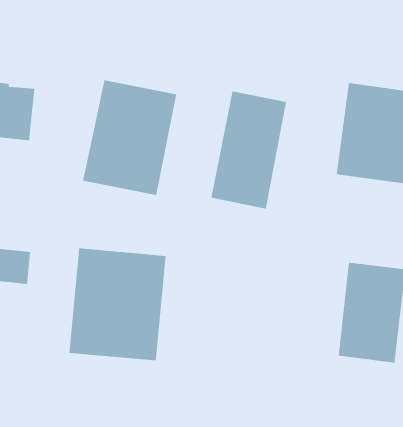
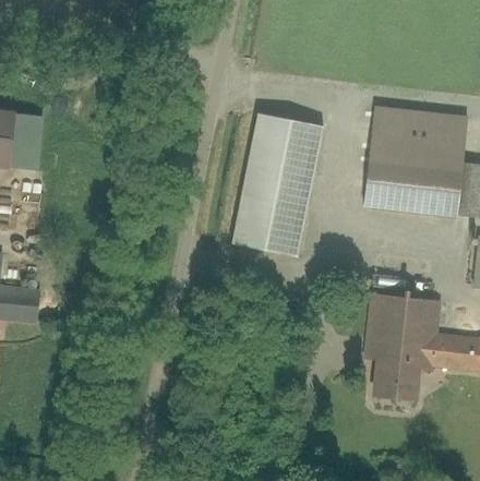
building: [82,80,177,196] -> none
building: [69,248,166,361] -> none

